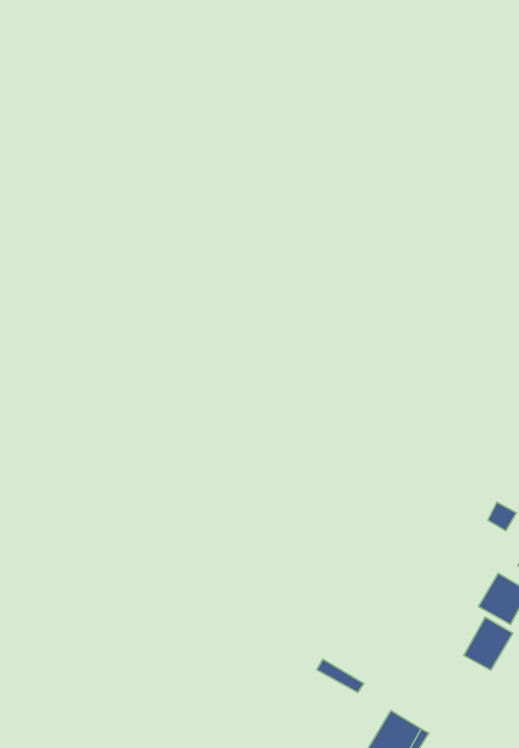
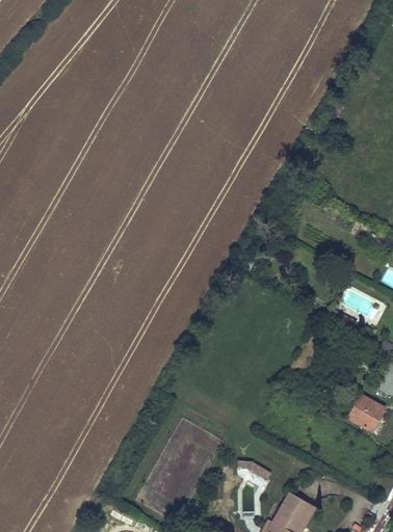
building: [464,617,513,670] -> none

